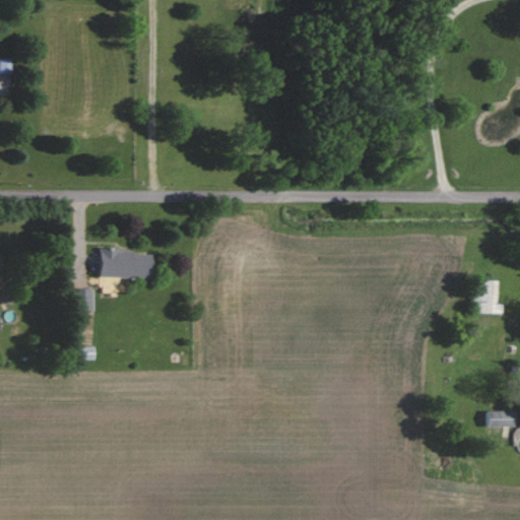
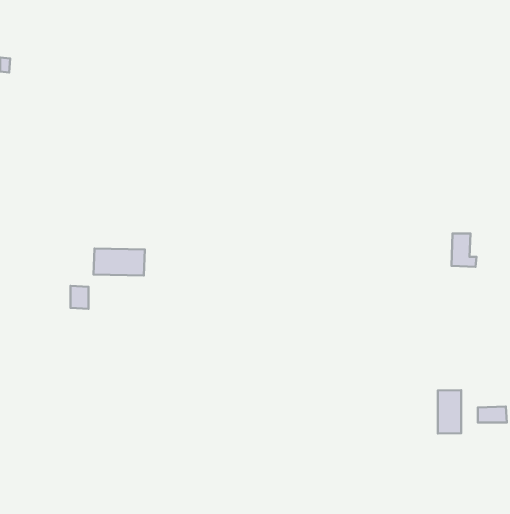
building: [478,280,504,314] -> [451,234,477,267]
building: none -> [438,390,461,433]

